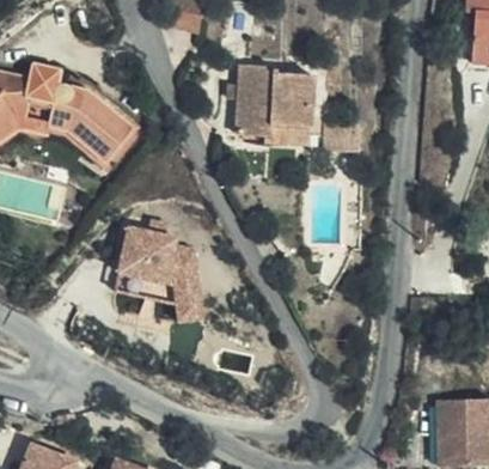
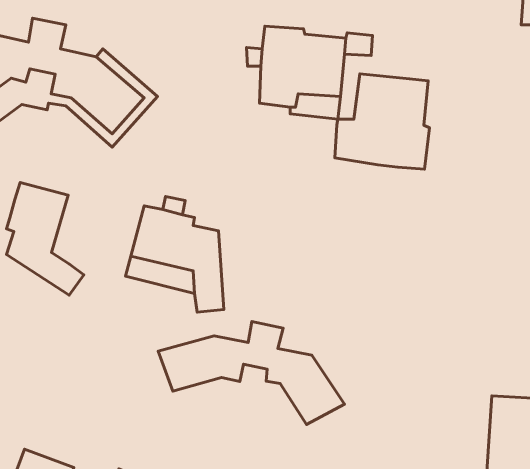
building: none -> [335,74,430,169]
building: none -> [7,182,84,295]
building: none -> [158,321,344,425]

